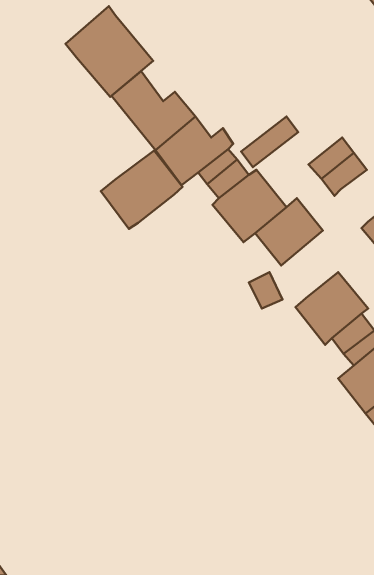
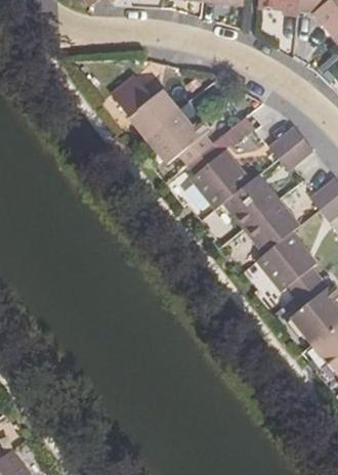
building: [66,6,153,97] -> none
building: [101,150,183,229] -> none
building: none -> [245,199,298,252]

